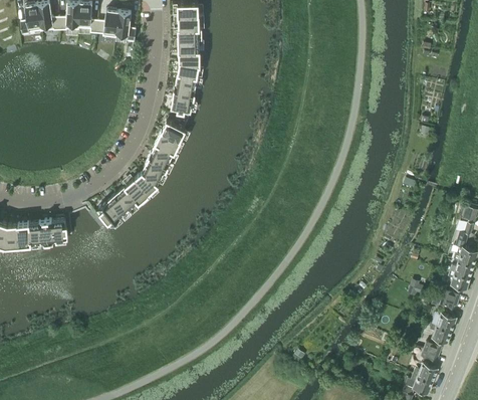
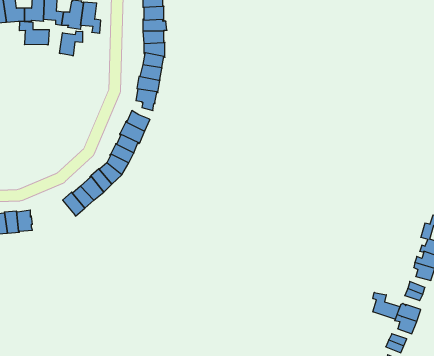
building: none -> [19,21,49,45]
building: none -> [59,31,83,56]
building: none -> [373,292,400,319]

